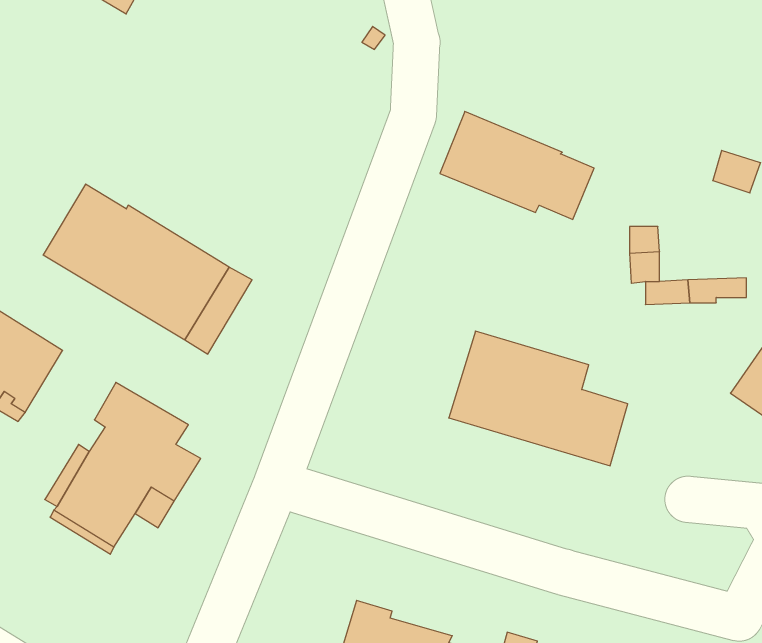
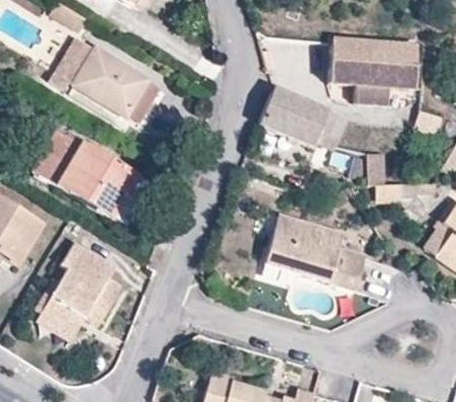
building: none -> [50,36,162,123]
building: none -> [330,38,418,105]

